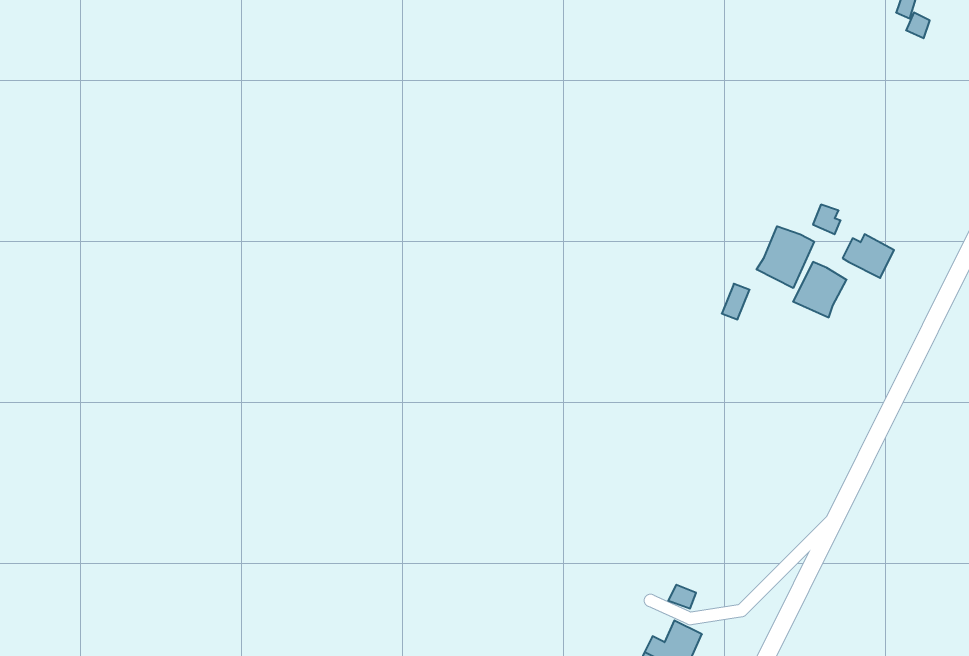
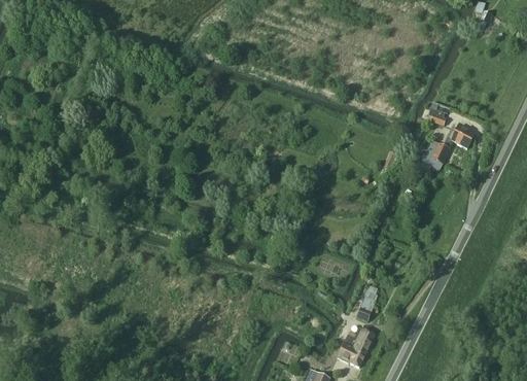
building: [757,226,814,288] -> none

